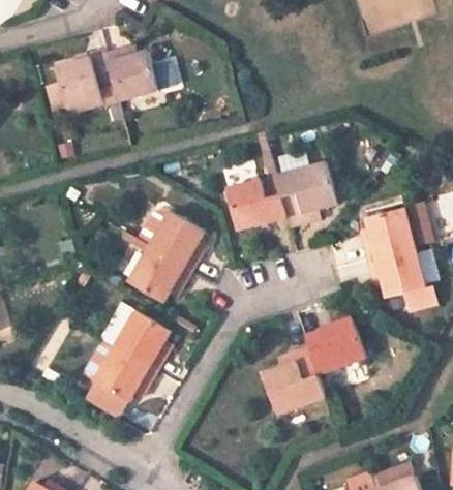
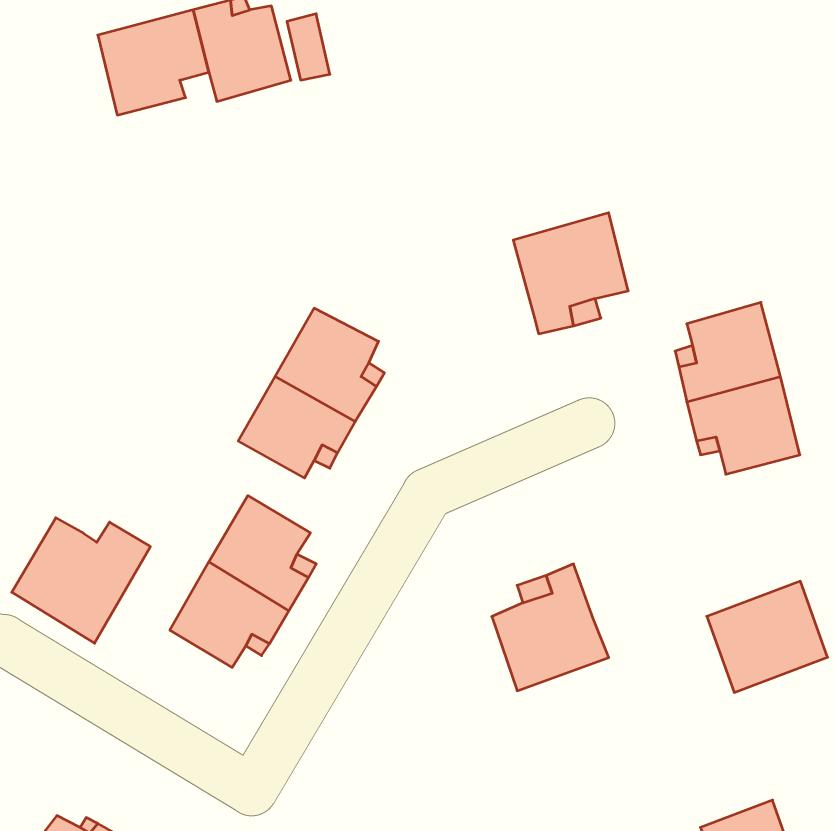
building: [223,175,285,229] -> none
building: [302,316,366,375] -> [707,581,828,692]
building: none -> [12,518,150,643]

